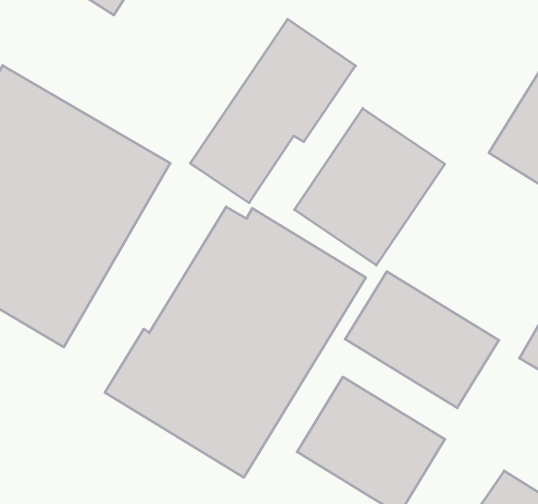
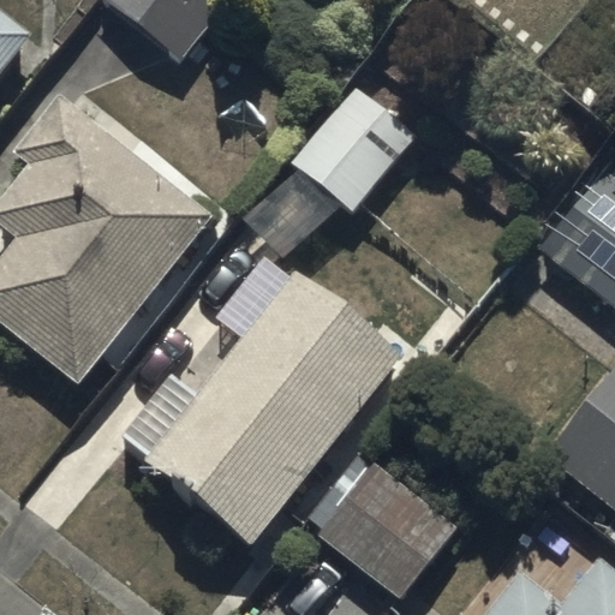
building: [294,108,445,265] -> none
building: [345,272,499,408] -> none

